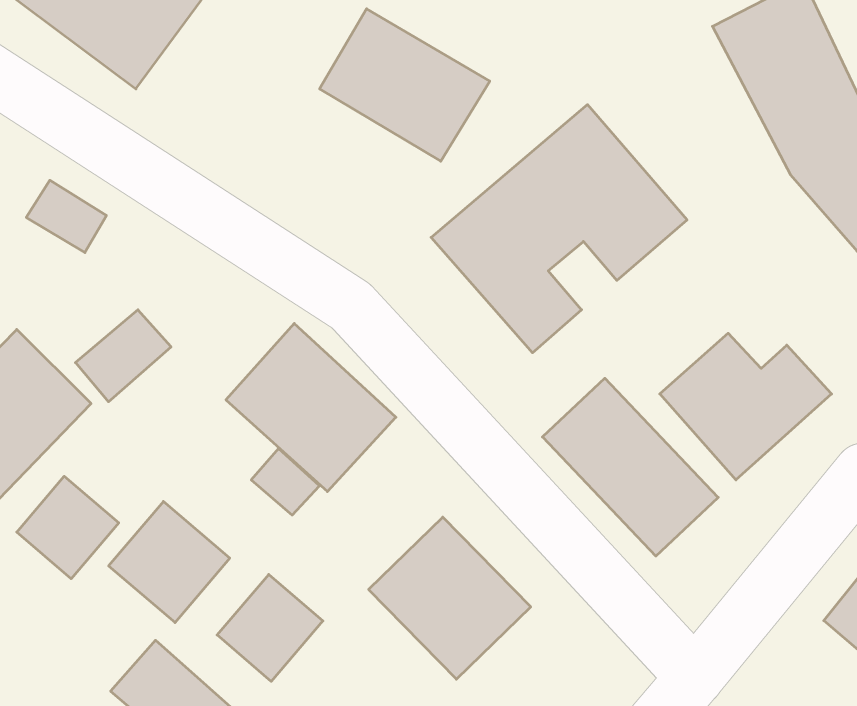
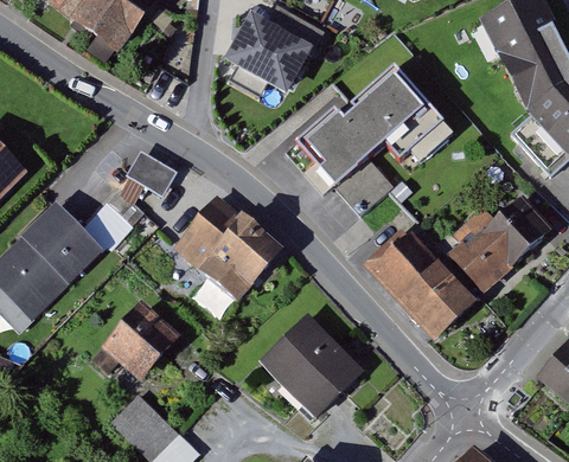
building: [26,180,106,253] -> [122,147,171,191]
building: [17,476,119,579] -> none
building: [217,574,323,681] -> none

